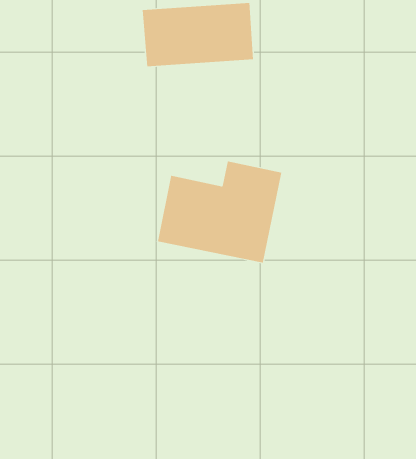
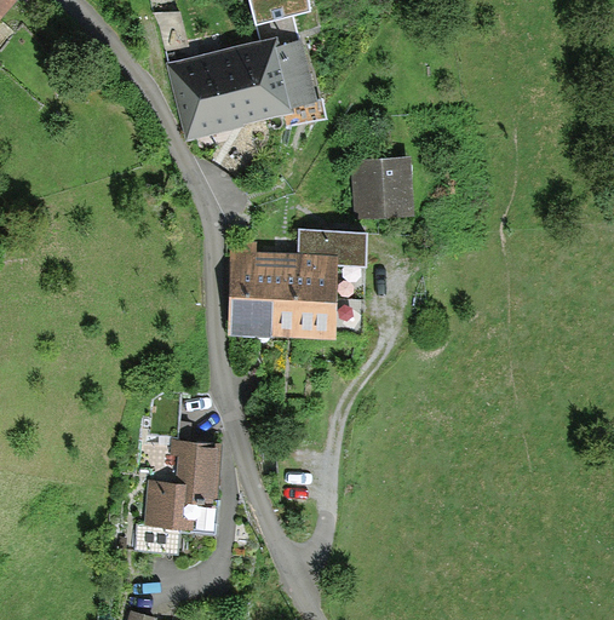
building: none -> [352,156,407,209]
building: none -> [145,442,210,526]

